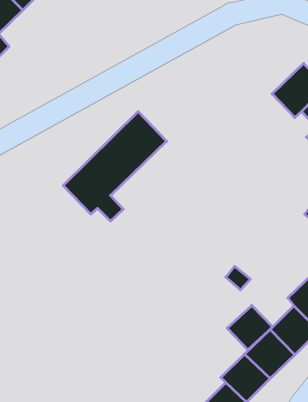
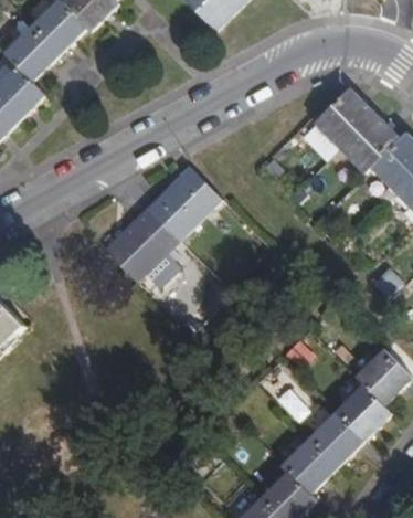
building: none -> [316,88,374,147]
building: [227,305,272,350] -> none

